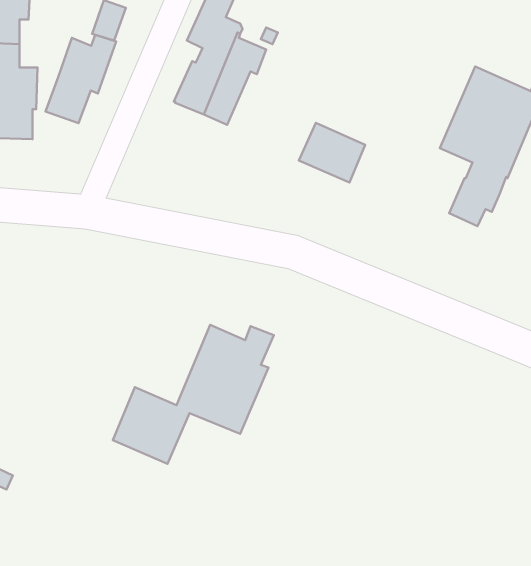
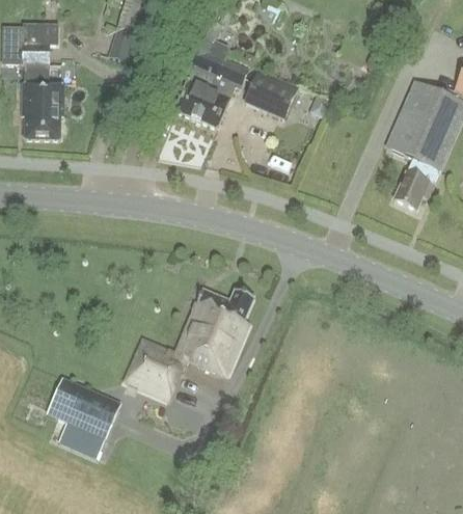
building: [45,35,116,123] -> none
building: [299,123,365,183] -> [244,72,297,119]
building: none -> [47,382,119,457]

